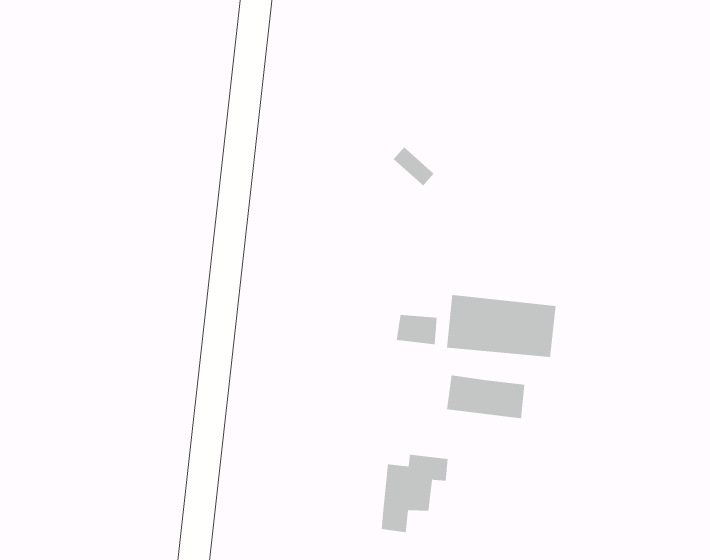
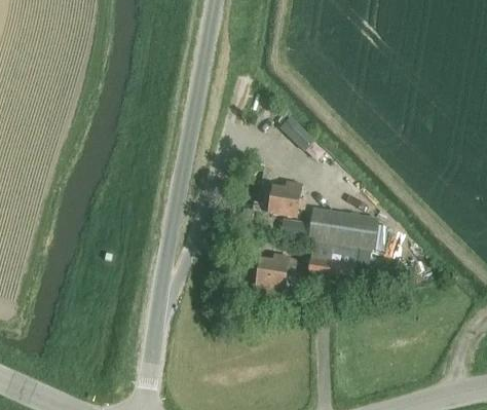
building: none -> [268,182,301,217]
building: [381,454,449,533] -> [254,254,297,301]

